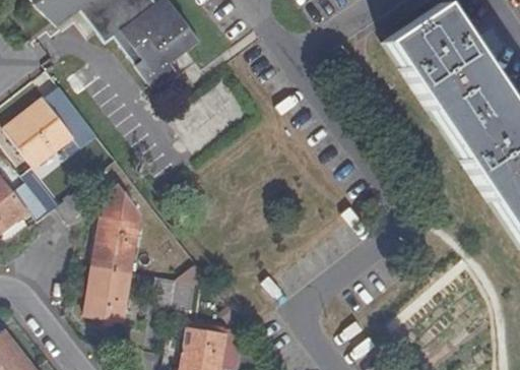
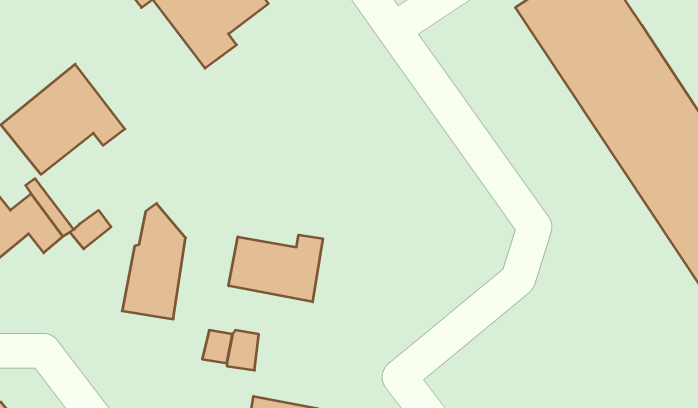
building: none -> [229,235,323,302]
building: [82,264,130,320] -> none

